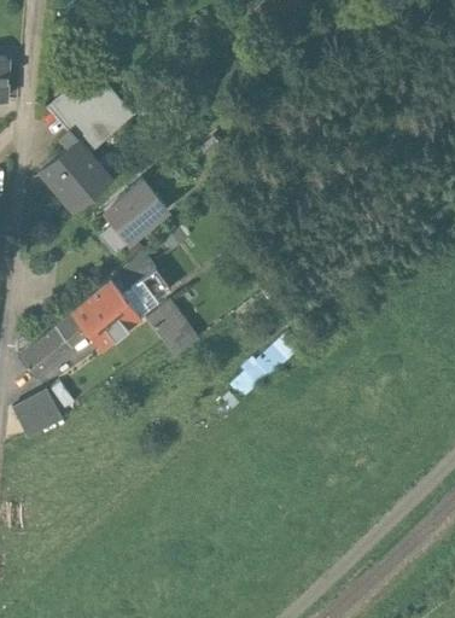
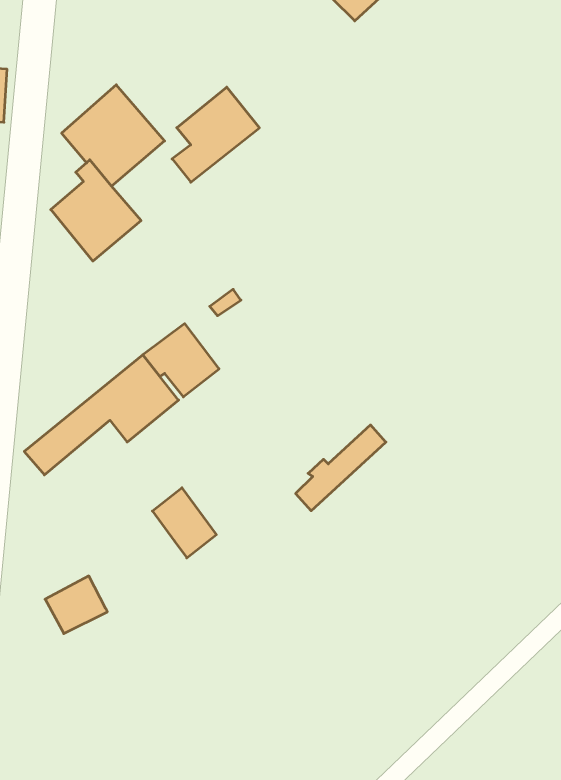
building: [99,179,167,252] -> [172,87,259,182]
building: [147,303,197,357] -> [152,488,216,558]
building: [13,391,62,436] -> [45,576,107,634]

